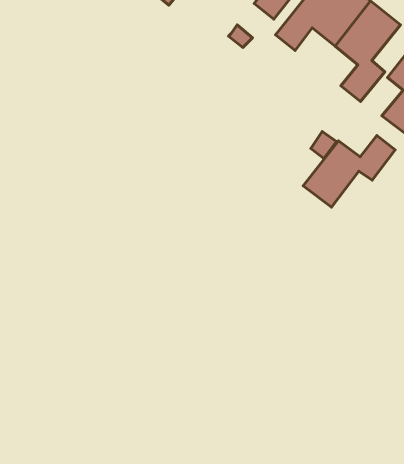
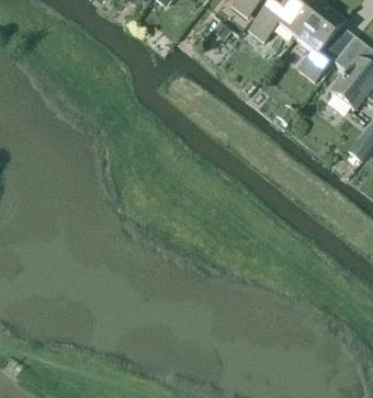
building: [303,135,395,207] -> none

